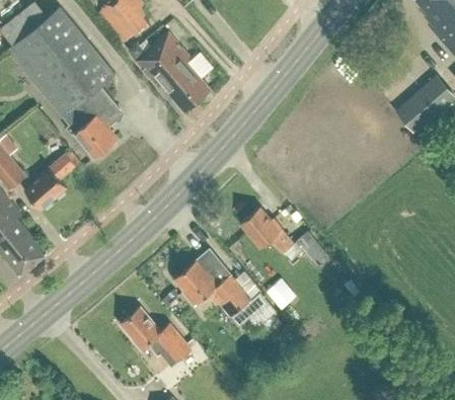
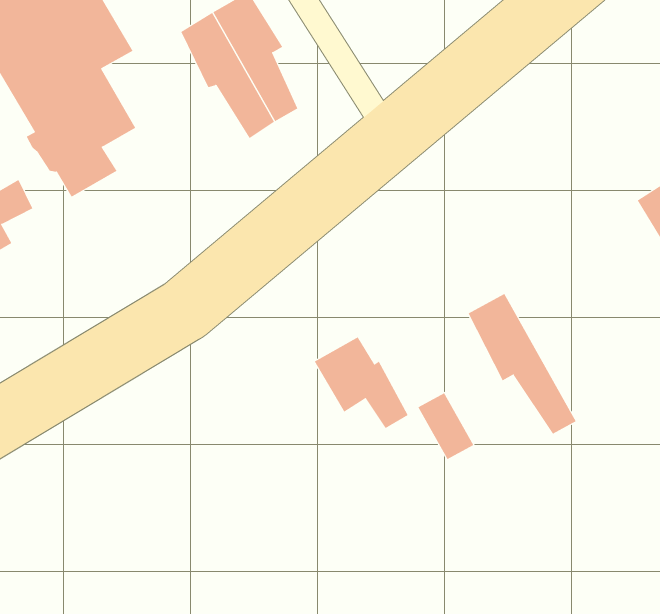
building: none -> [468,293,577,434]
building: [173,248,277,327] -> none
building: [123,306,193,366] -> none

